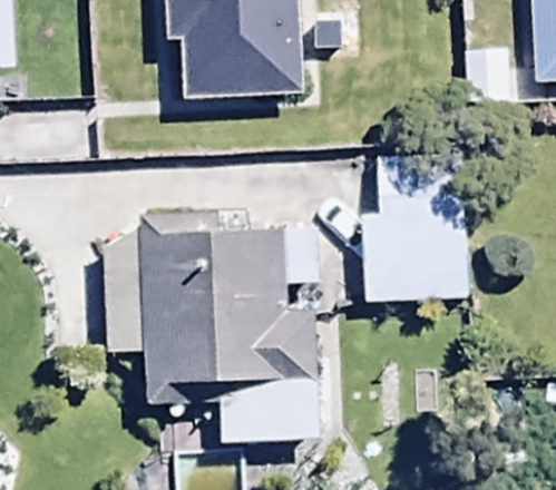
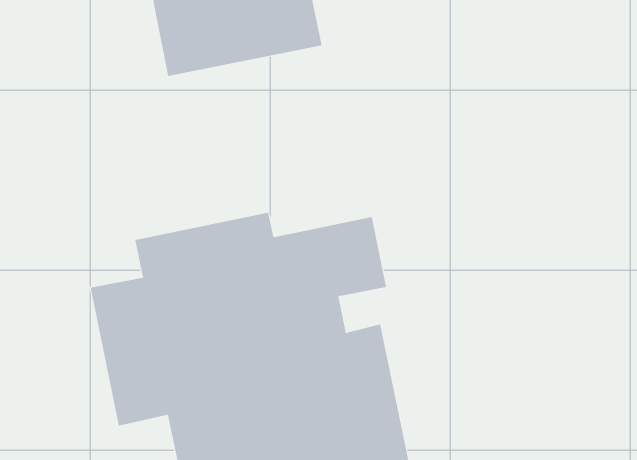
building: [362,161,466,302] -> none

